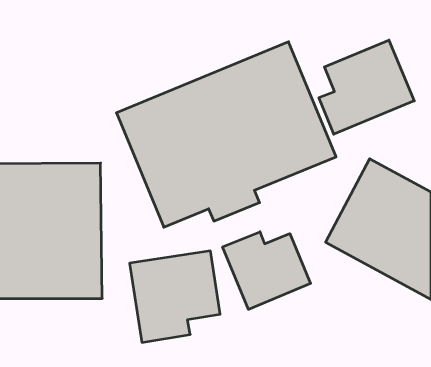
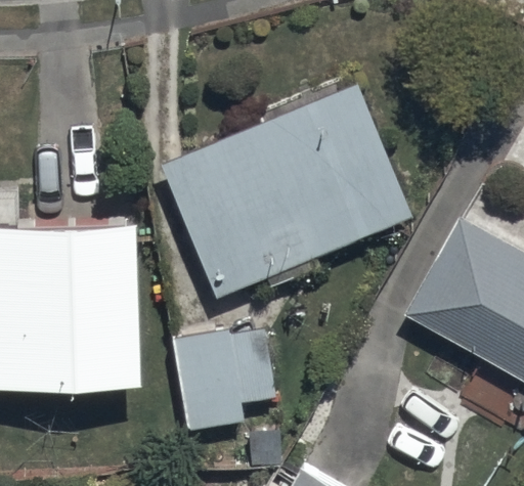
building: [319,40,414,134] -> none
building: [223,232,311,309] -> none

